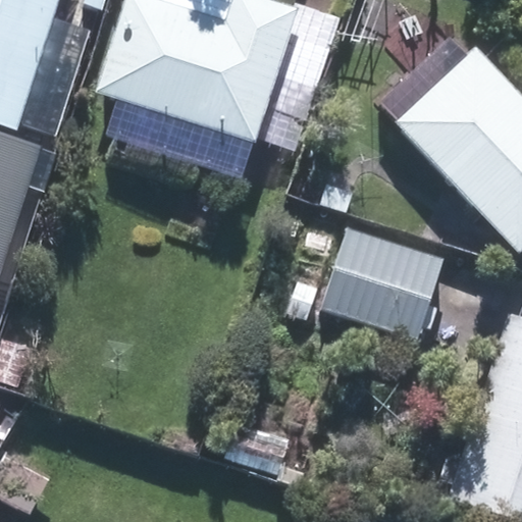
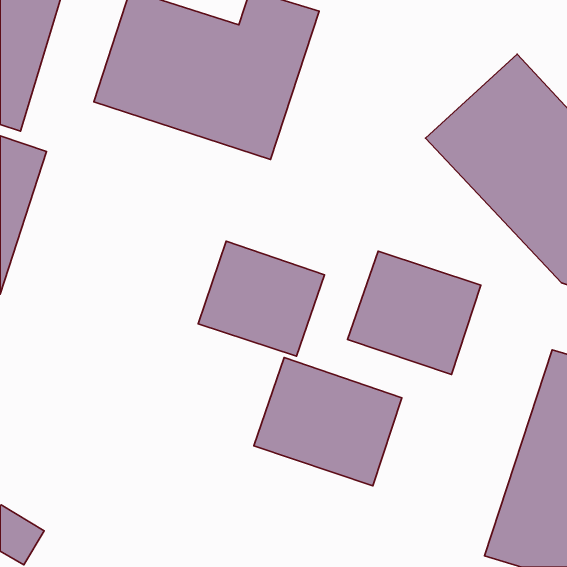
building: none -> [198,241,325,356]
building: none -> [254,358,402,486]

